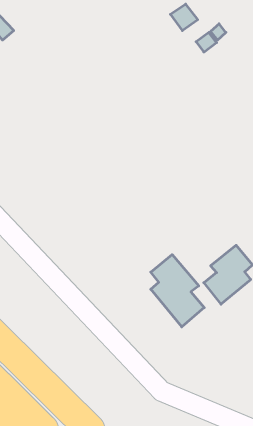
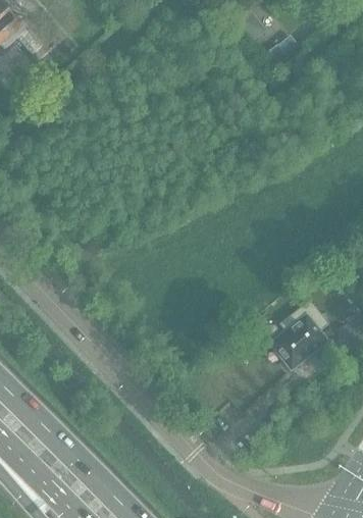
building: [151,255,204,327] -> none

